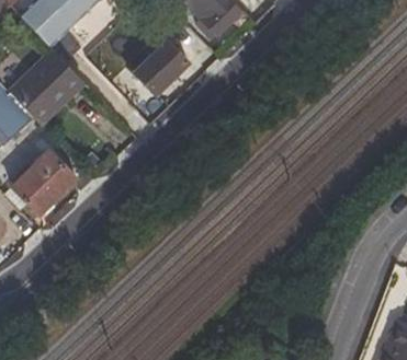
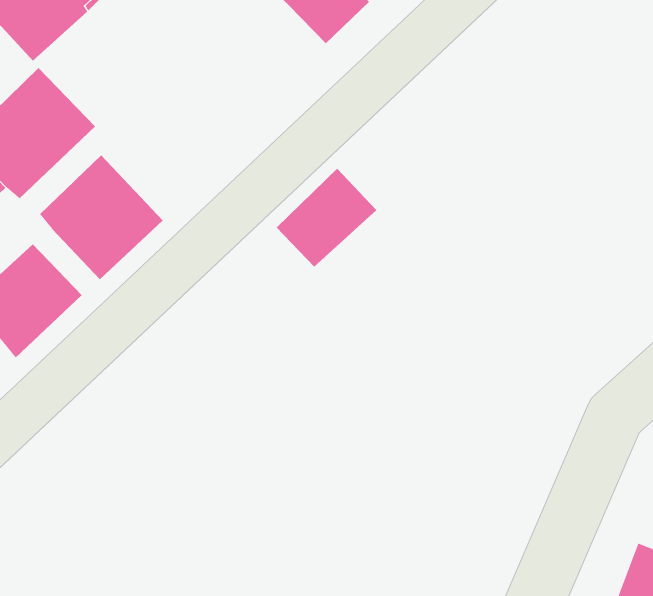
building: [133,39,191,96] -> [276,168,377,268]
building: none -> [39,154,163,280]

